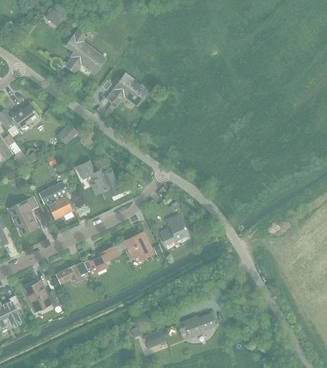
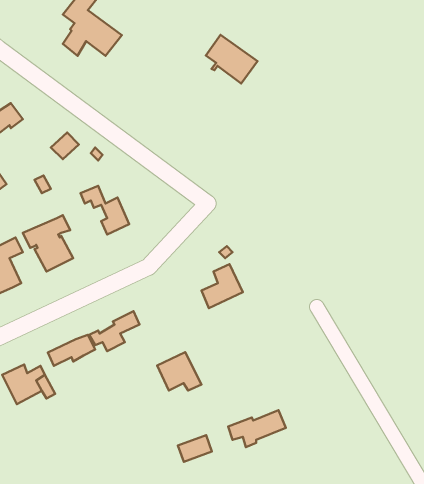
building: [113,72,148,105] -> [206,35,257,83]
building: [123,231,153,257] -> [157,352,201,390]

